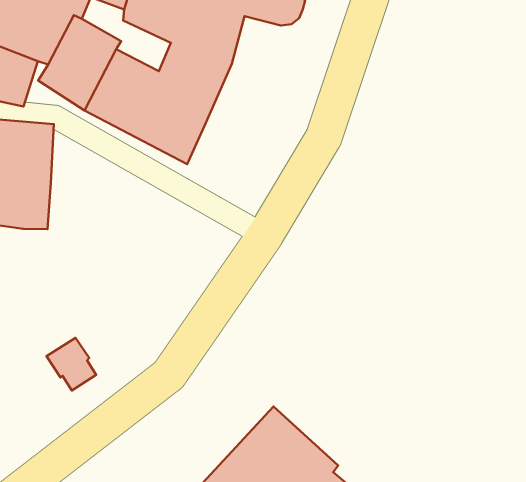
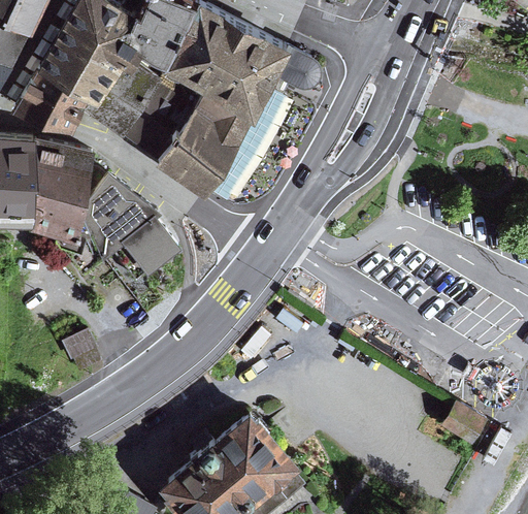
building: none -> [56,173,182,282]

